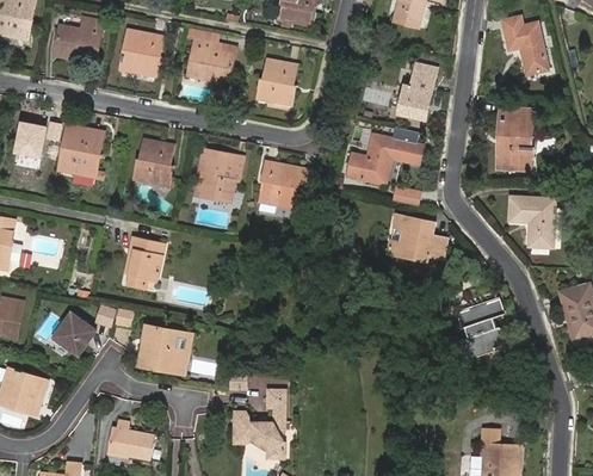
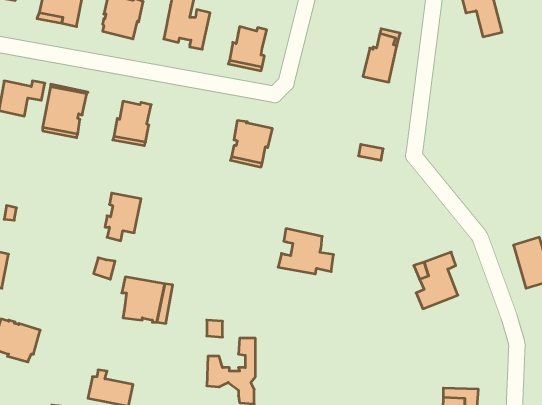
building: [495,107,530,169] -> none
building: [346,135,422,184] -> none
building: [199,152,235,203] -> none
building: [506,196,551,247] -> none
building: [387,214,445,261] -> [278,229,334,274]
building: [56,313,98,354] -> none

